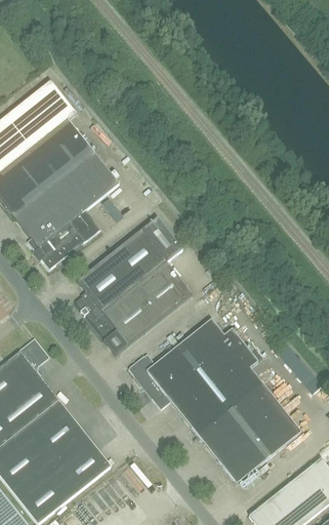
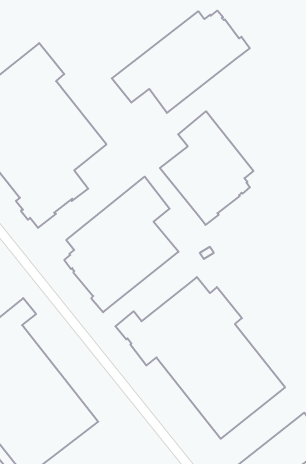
building: none -> [112,11,250,113]
building: none -> [160,111,253,225]

